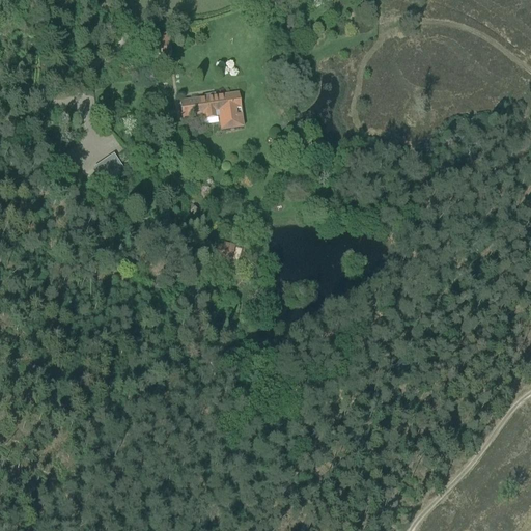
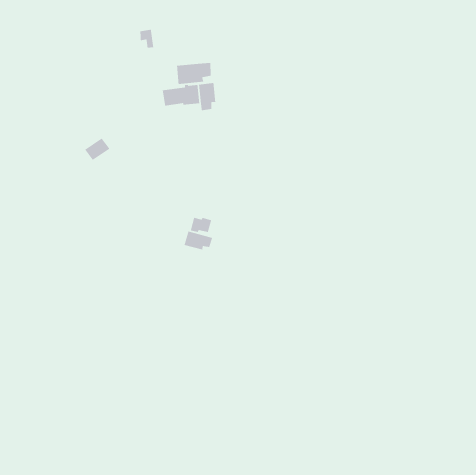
building: none -> [176,62,212,85]
building: none -> [184,230,213,250]

